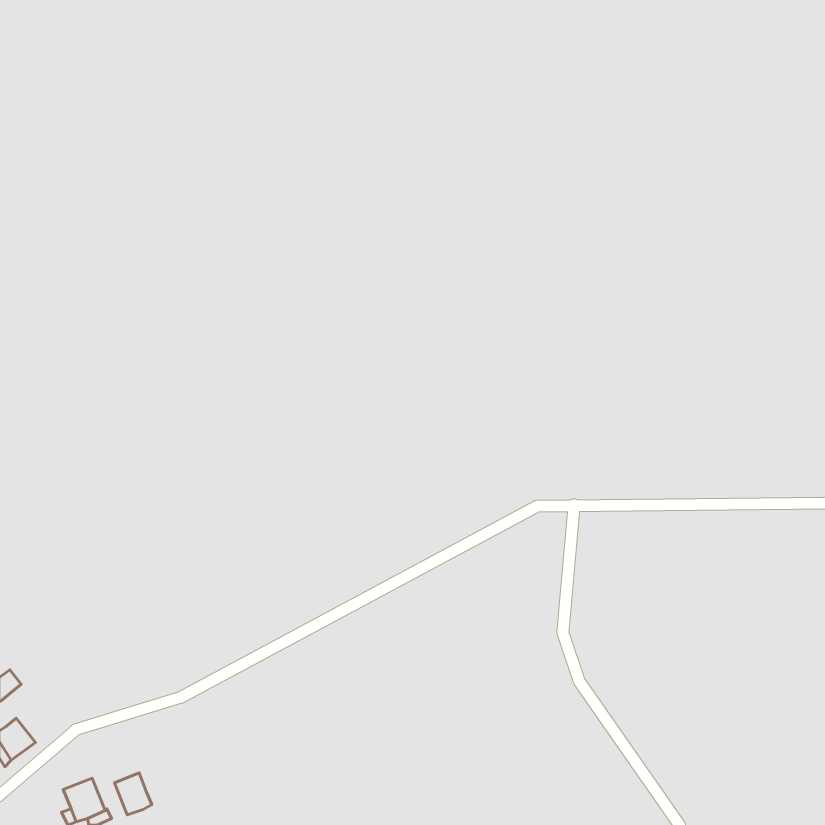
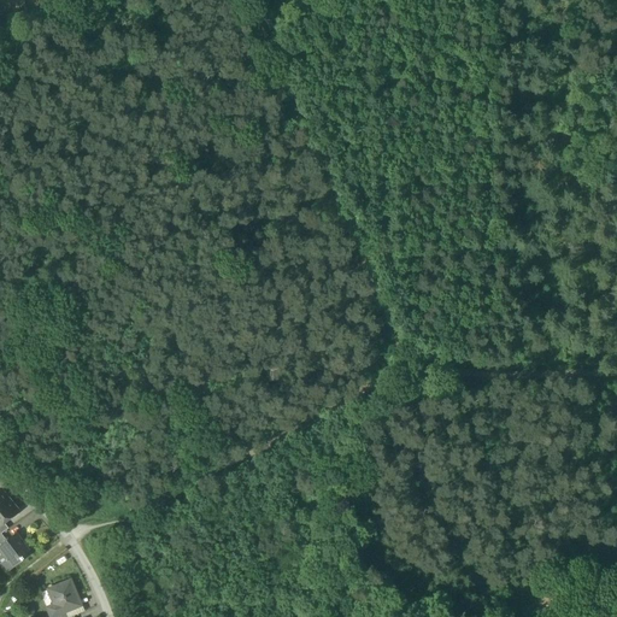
building: [114,773,152,815] -> none

